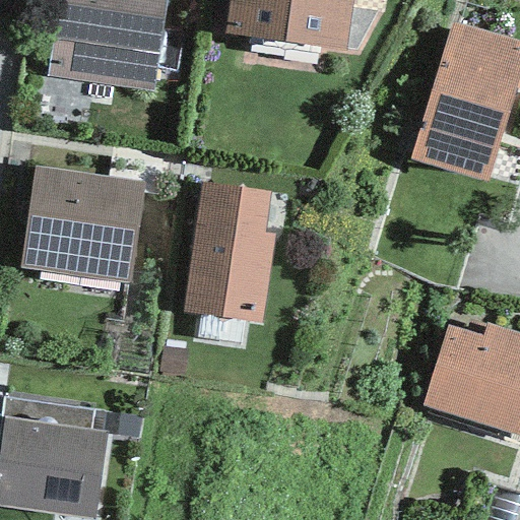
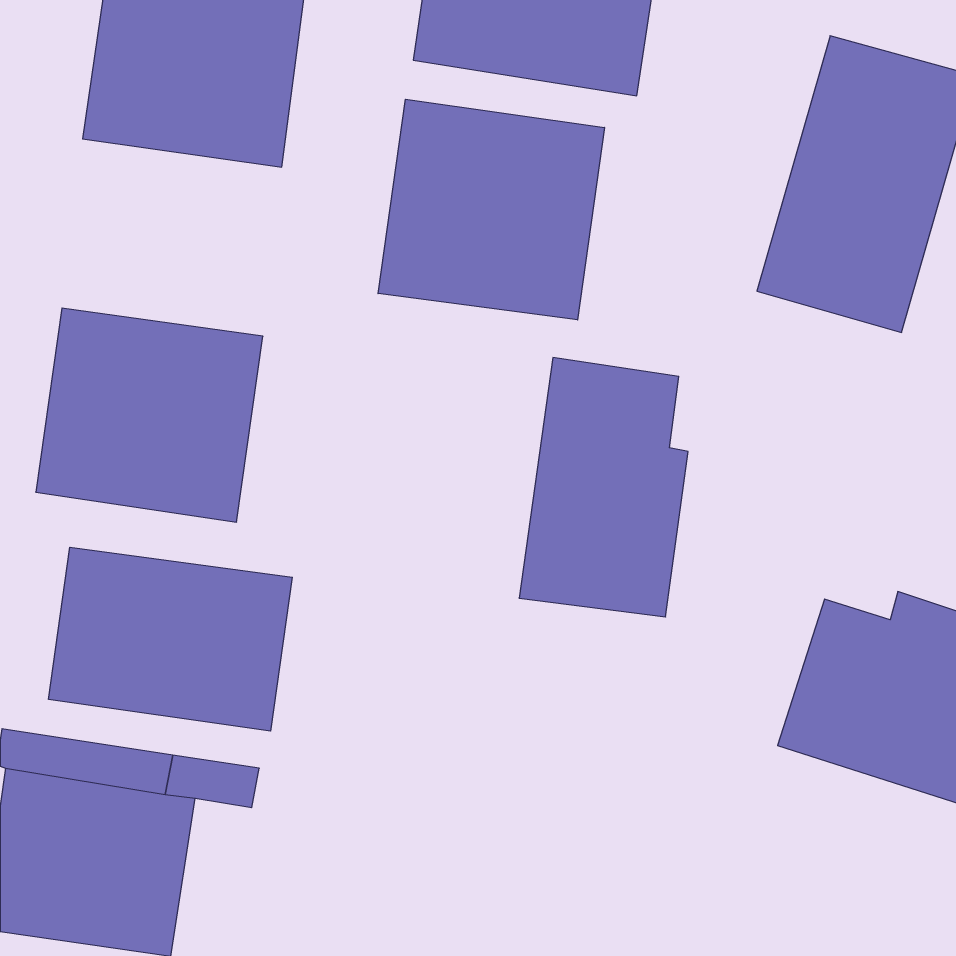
building: none -> [378,99,604,320]
building: [184,182,275,322] -> [519,358,688,617]
building: none -> [49,547,292,731]

